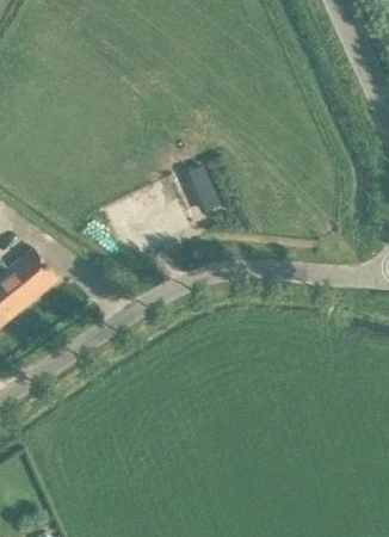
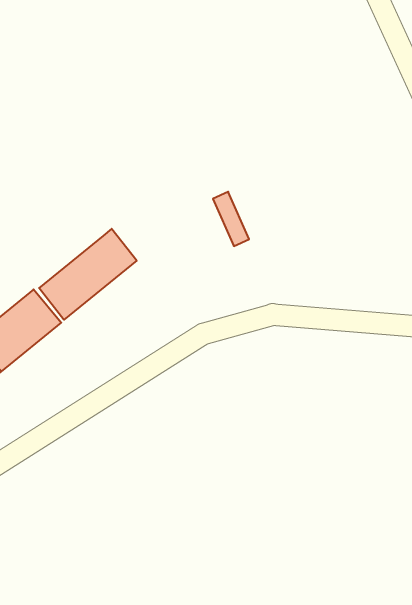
building: none -> [39,229,137,320]

